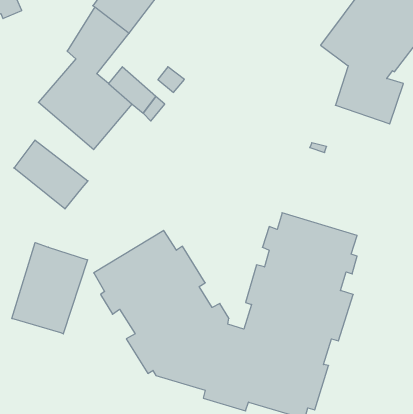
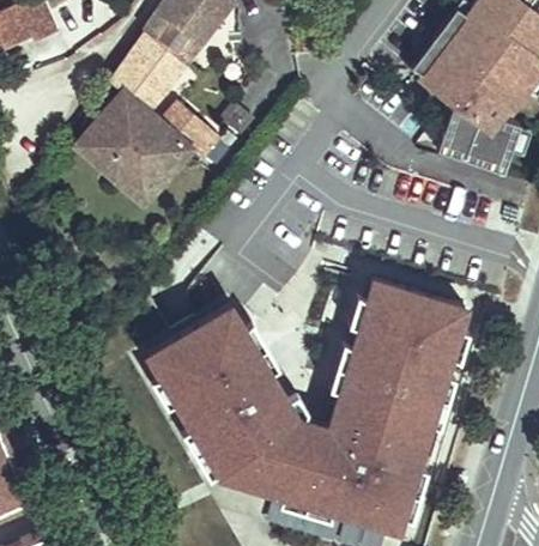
building: [14,140,88,209] -> none
building: [12,243,88,334] -> none

